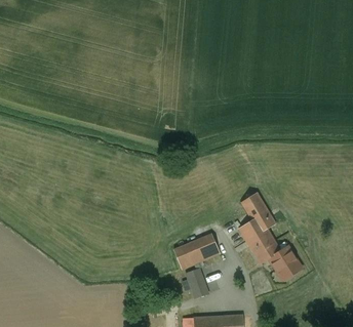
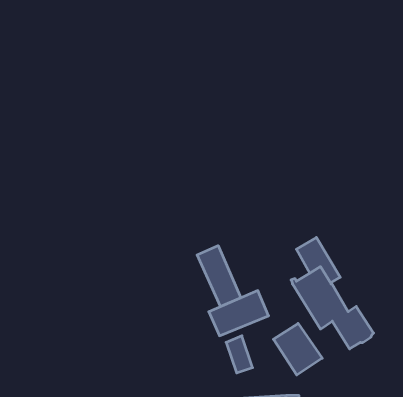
building: none -> [197,246,241,306]
building: none -> [273,323,322,375]

